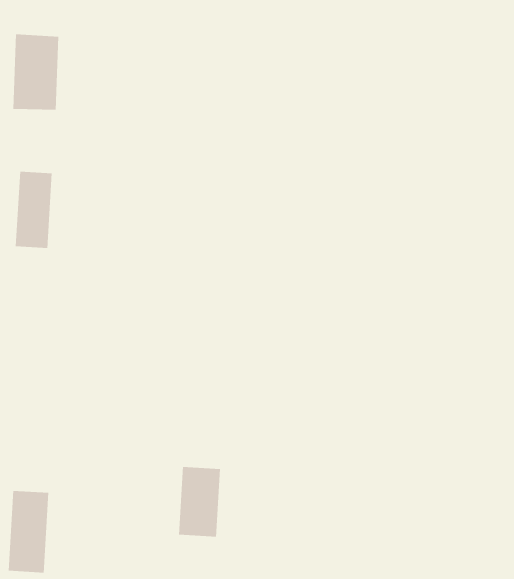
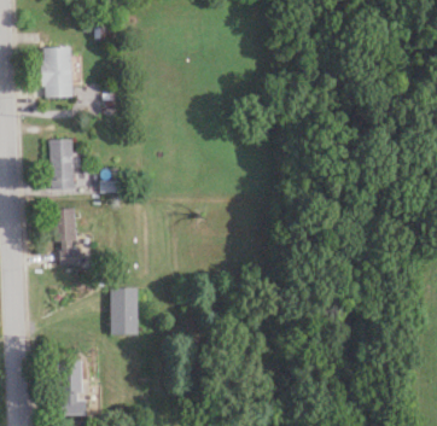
building: none -> [54,210,78,265]
building: [178,467,221,537] -> [111,288,138,335]

